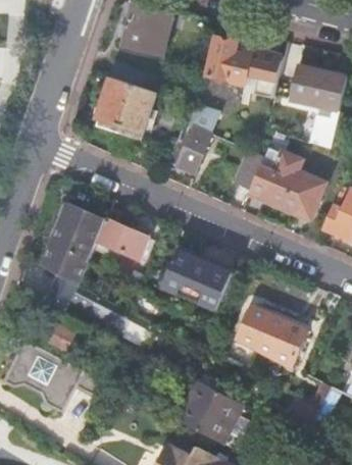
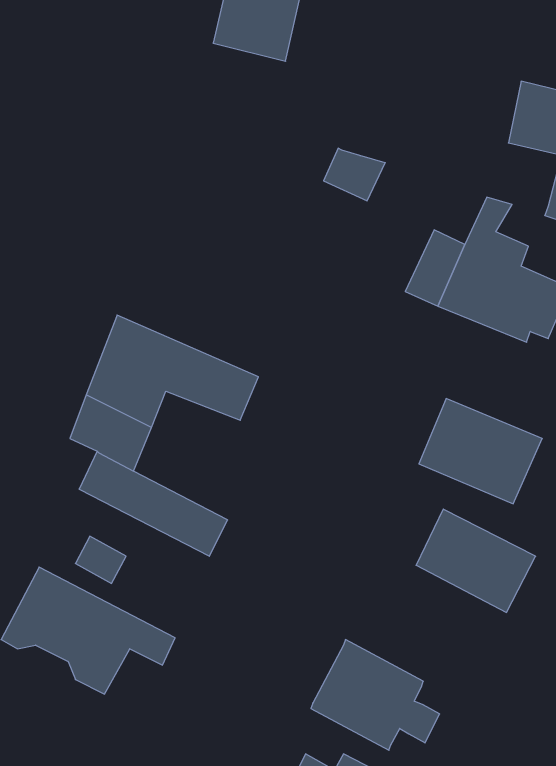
building: [202,37,284,98] -> none
building: [96,77,156,141] -> none
building: [167,122,211,173] -> none
building: [162,250,232,309] -> [419,399,542,504]

